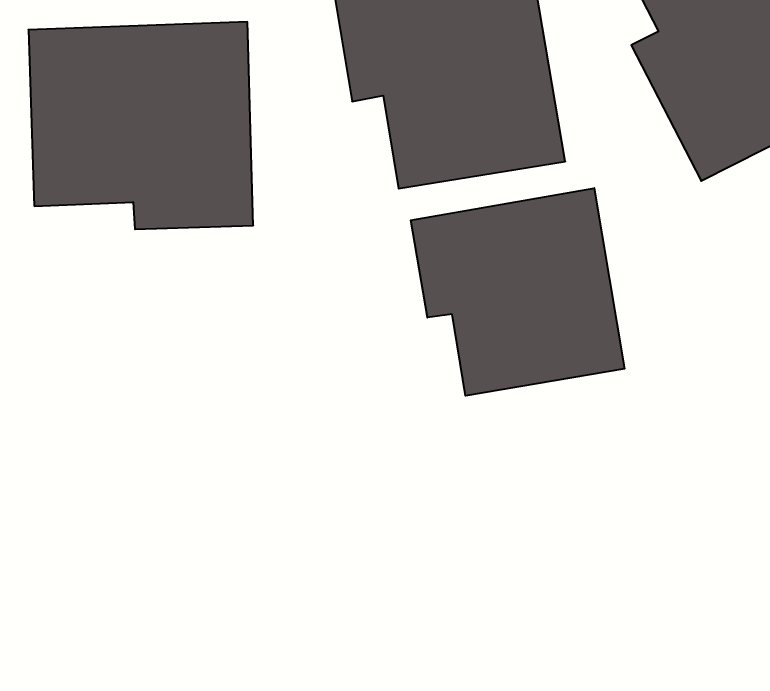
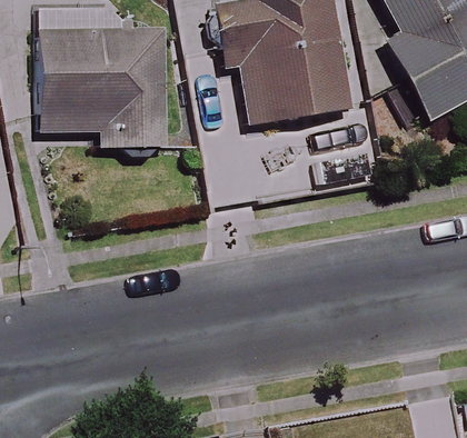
building: [411,188,625,396] -> none

